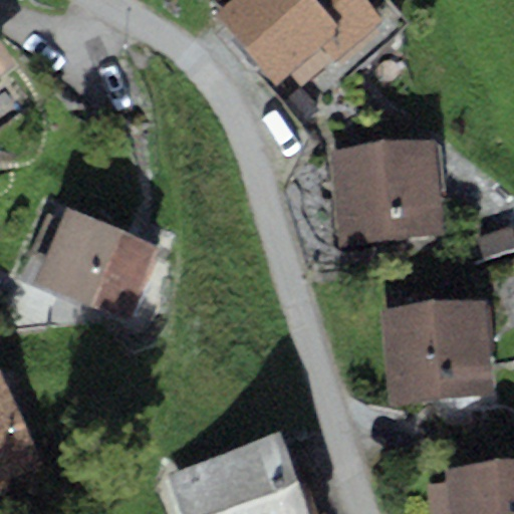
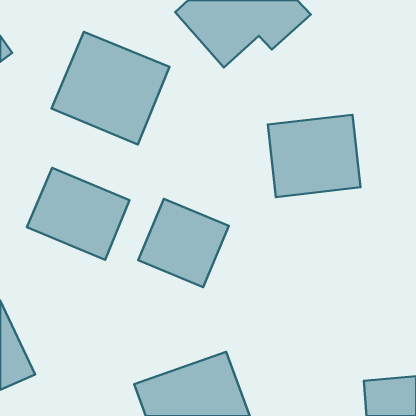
building: none -> [52,32,169,144]
building: none -> [138,199,229,287]
building: [381,300,491,406] -> none

